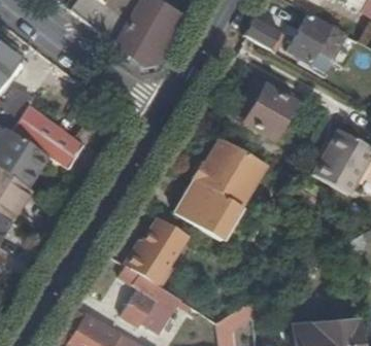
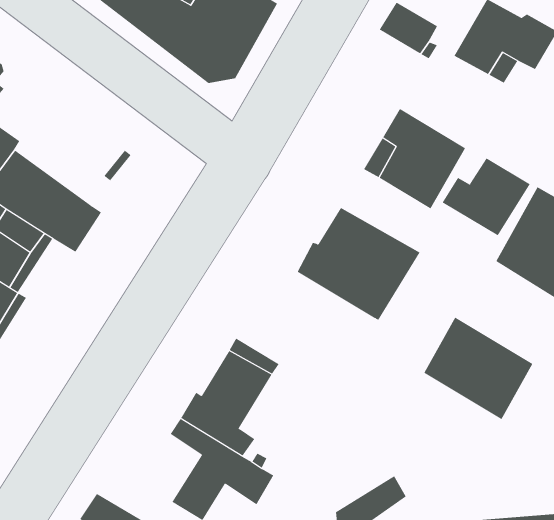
building: none -> [442,158,530,236]
building: [176,178,241,239] -> [423,317,533,420]

